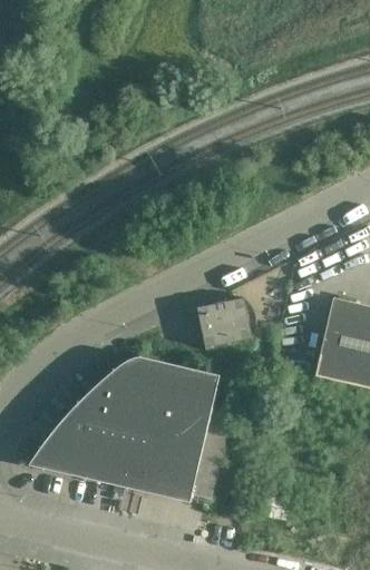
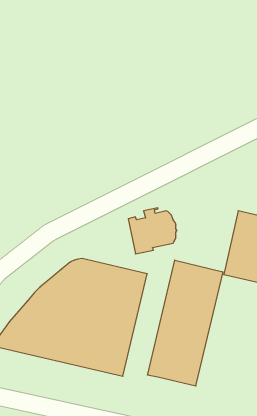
building: none -> [148,260,223,386]

